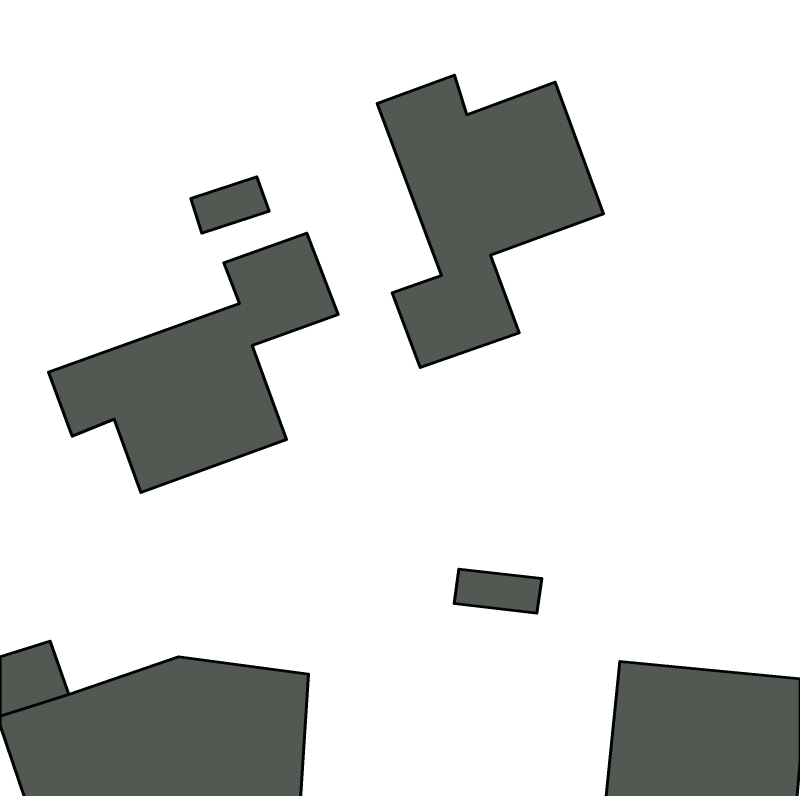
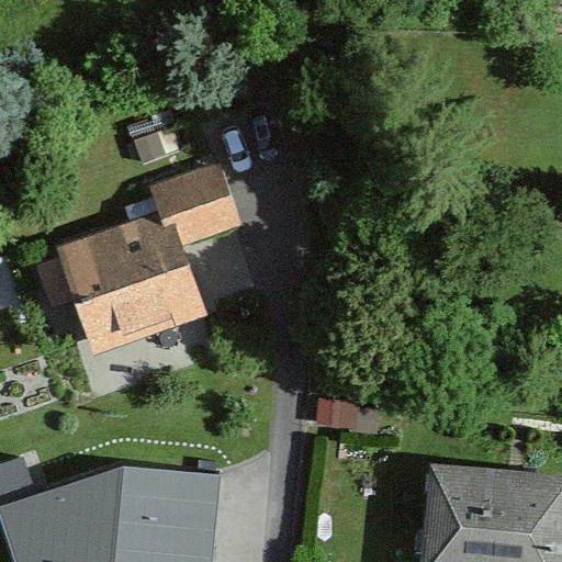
building: [377,75,603,368] -> none

